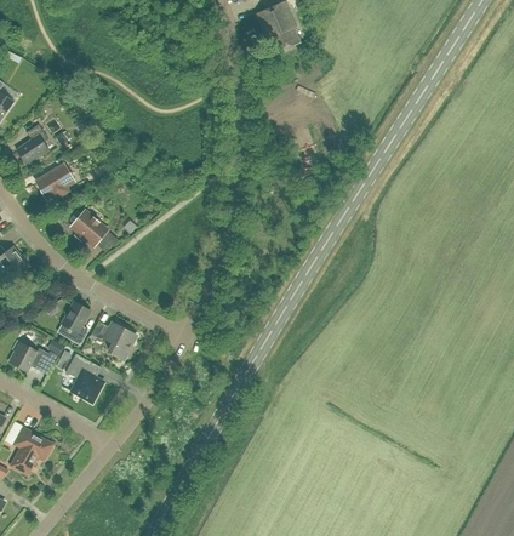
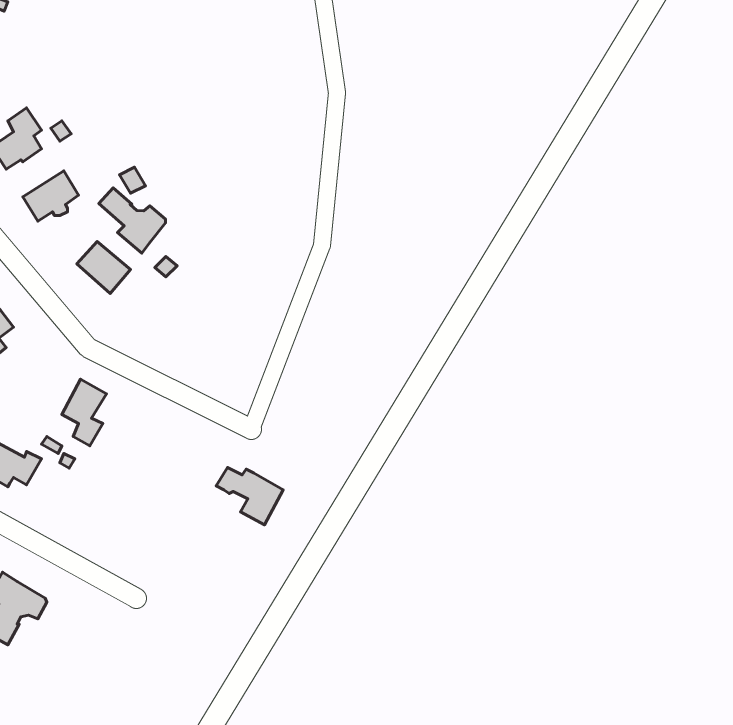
building: none -> [99,188,166,253]
building: [92,321,136,359] -> [216,467,283,525]
building: [65,353,104,403] -> none

